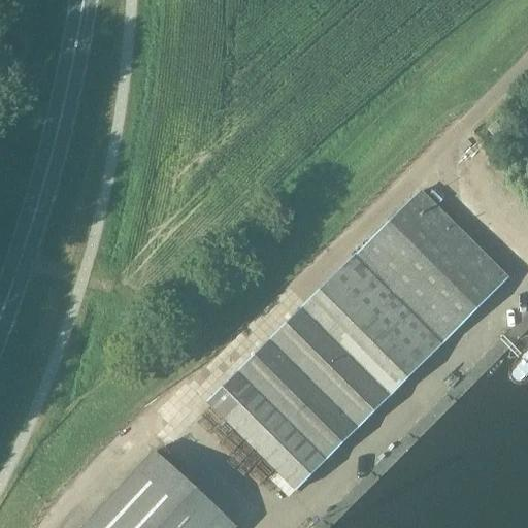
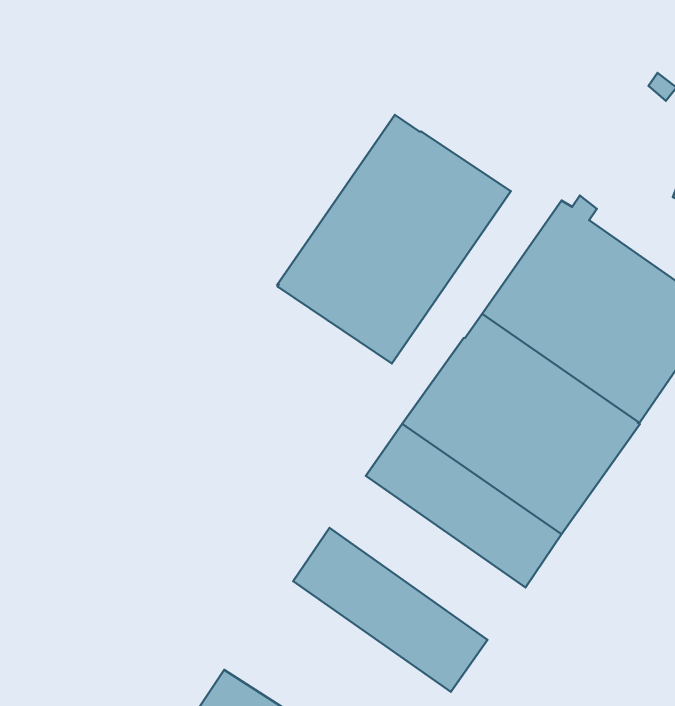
building: none -> [277,115,511,363]
building: [237,342,355,460] -> none

